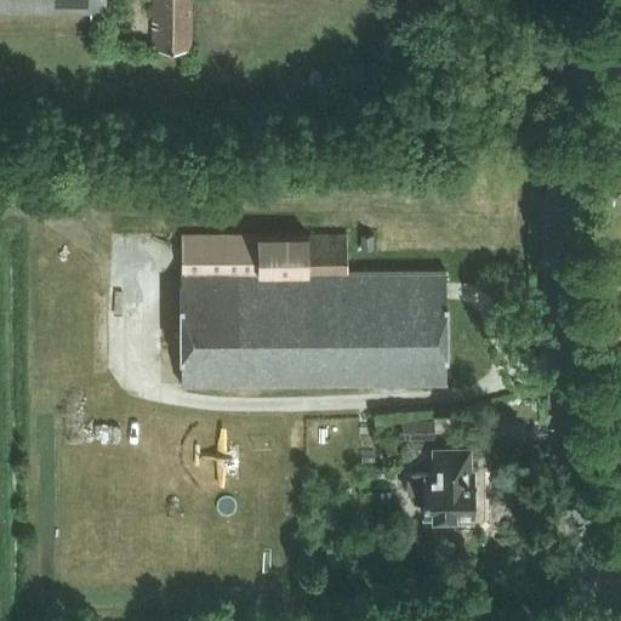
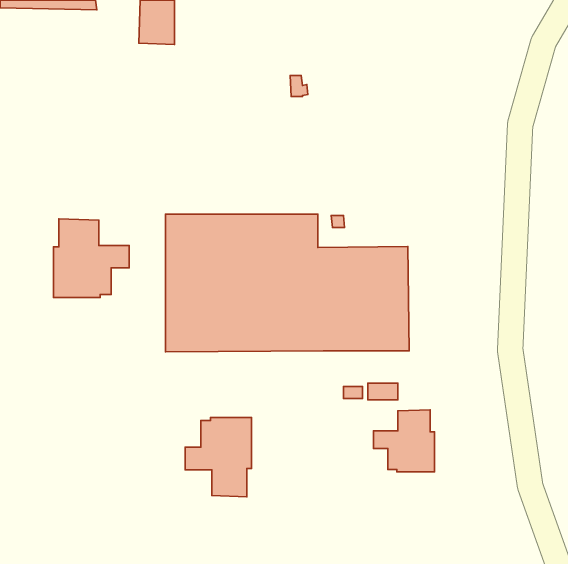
building: none -> [53,219,129,297]
building: none -> [185,418,252,497]

